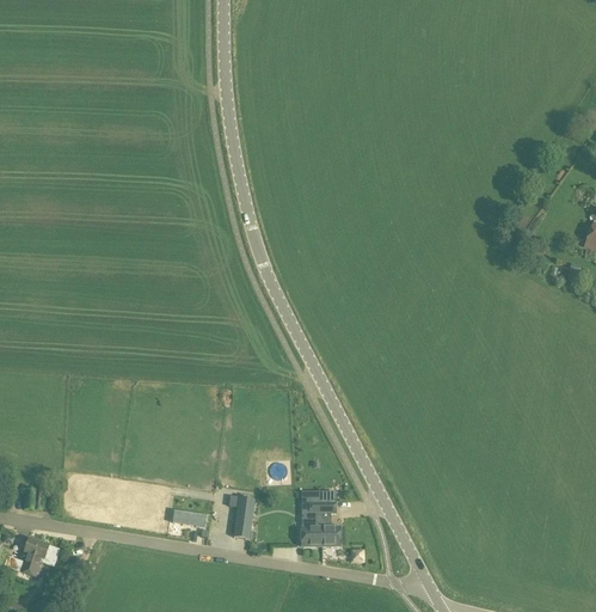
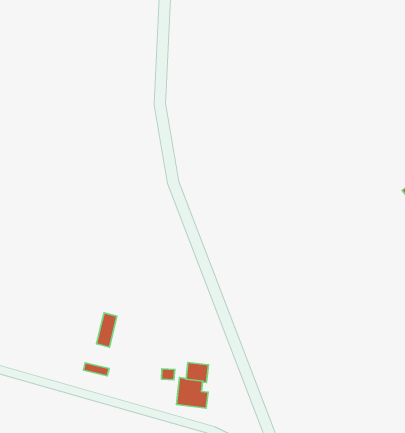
building: [233,497,254,540] -> [97,313,117,347]

